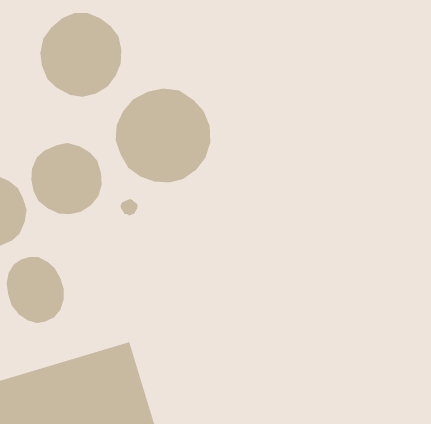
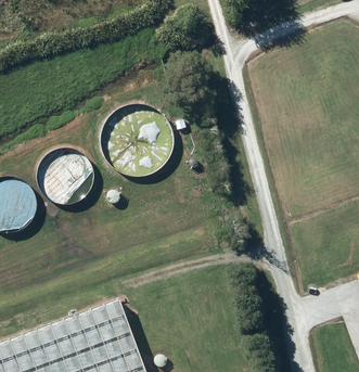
building: [40,12,122,98] -> none
building: [6,256,64,324] -> none

